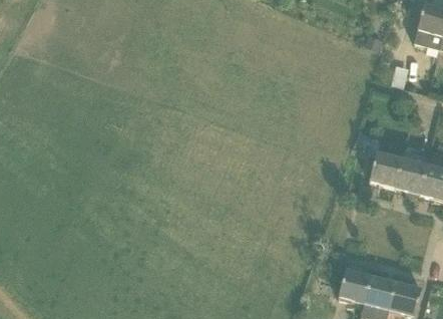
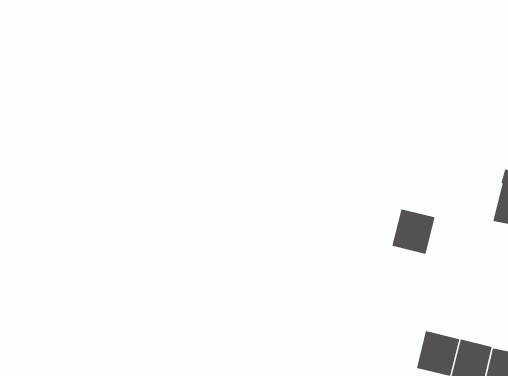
building: [370,152,403,187] -> [391,209,436,254]

